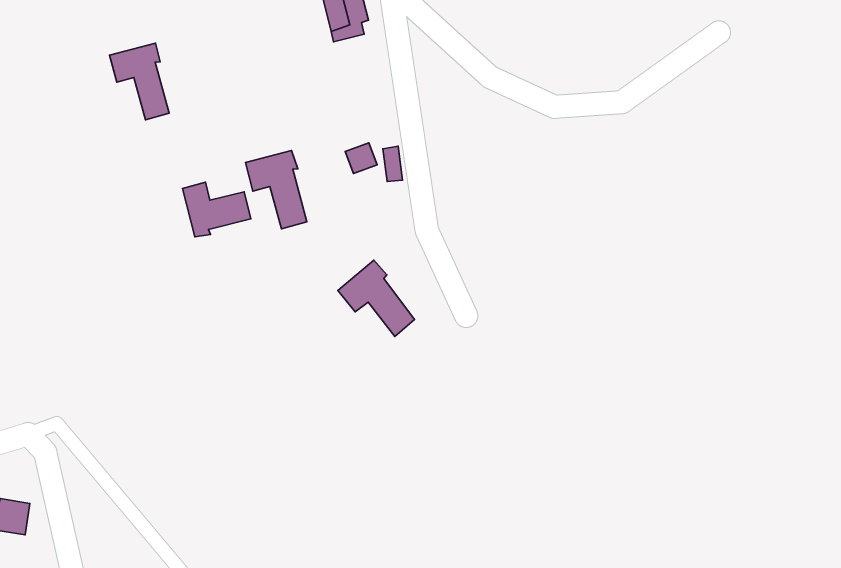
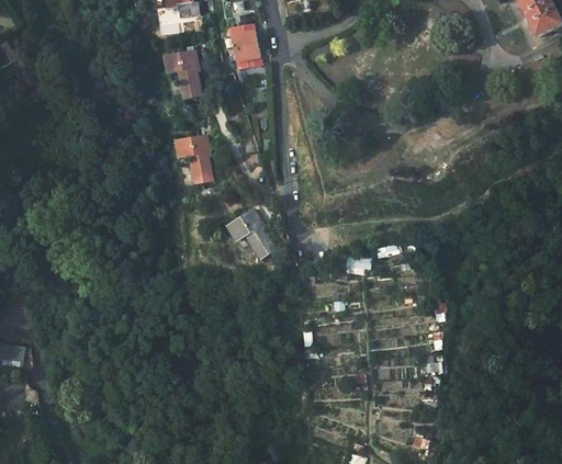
building: [110,43,169,120] -> [164,49,199,98]
building: [182,182,251,237] -> none

